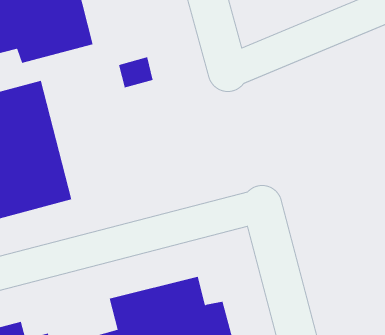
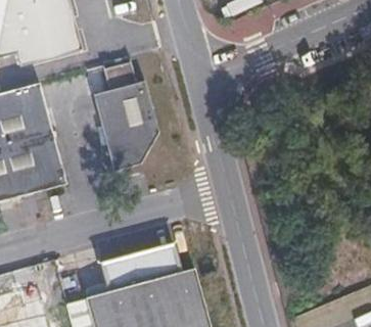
building: none -> [93,83,158,172]

